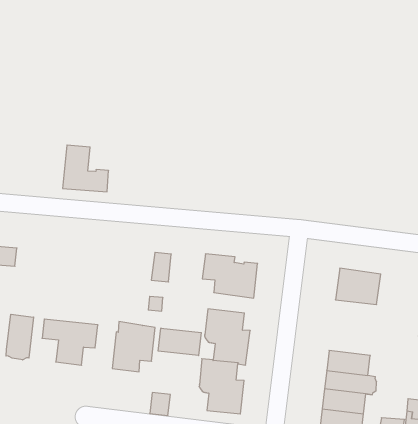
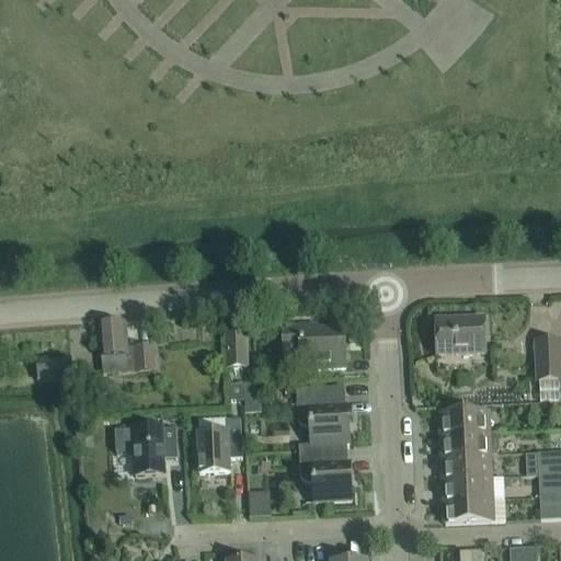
building: [63,145,109,192] -> [99,320,152,371]
building: [6,314,34,360] -> none
building: [158,328,201,356] -> none

